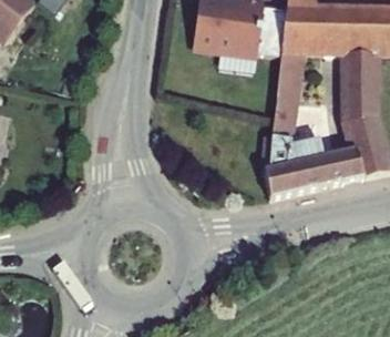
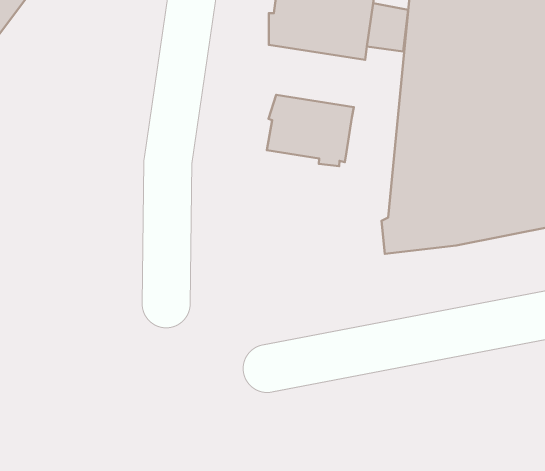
building: none -> [267,95,354,166]

